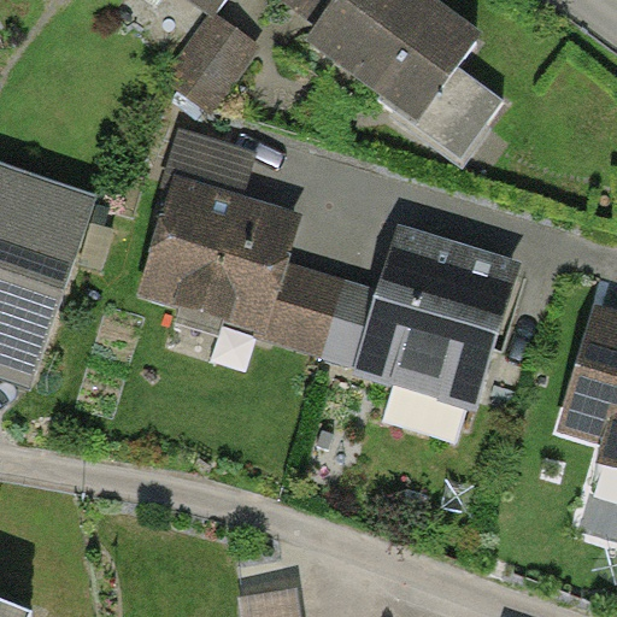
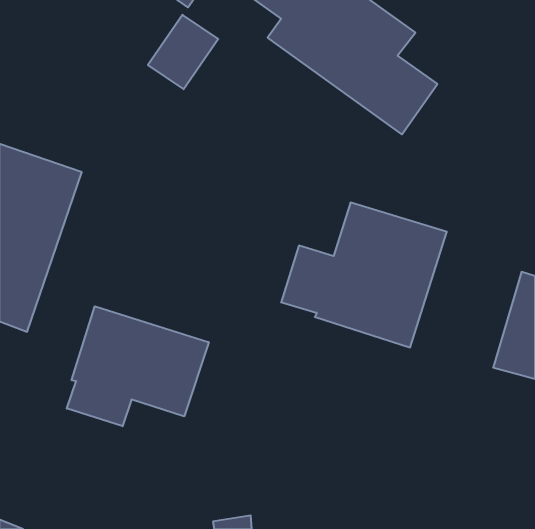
building: [146,131,343,347] -> none
building: none -> [67,306,209,426]

